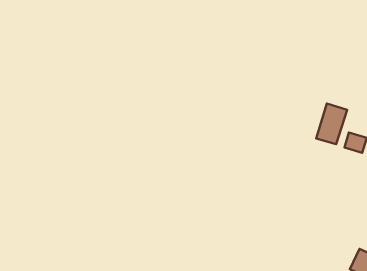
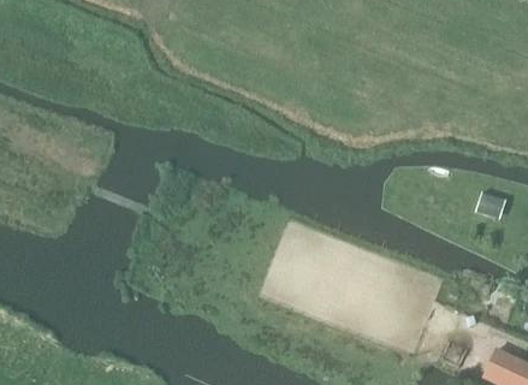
building: [316,103,347,144] -> none

